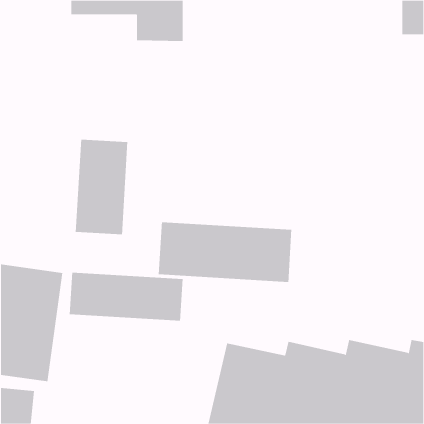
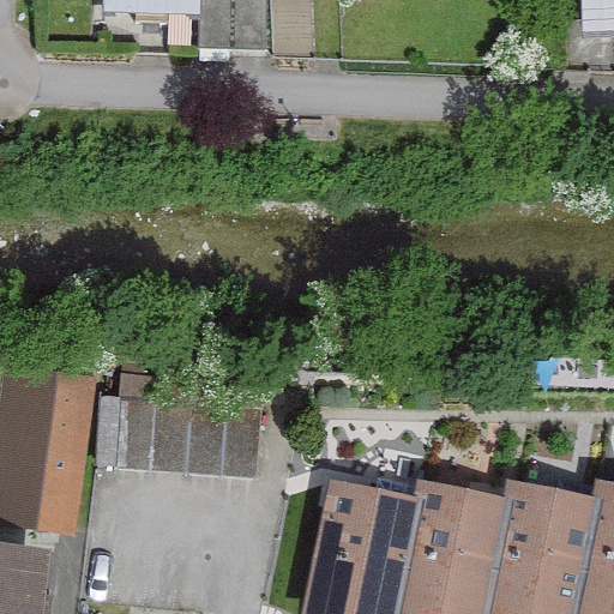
building: [75,139,128,235] -> none
building: [158,221,292,283] -> none

